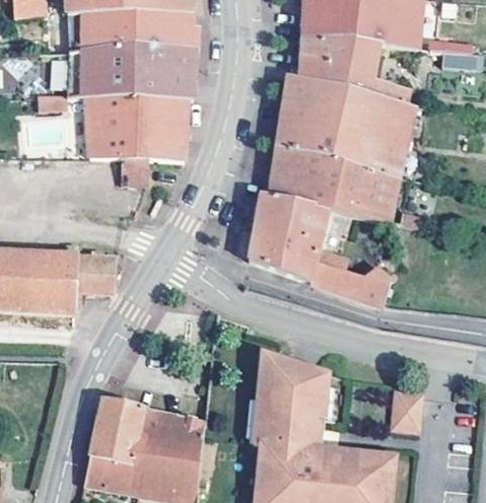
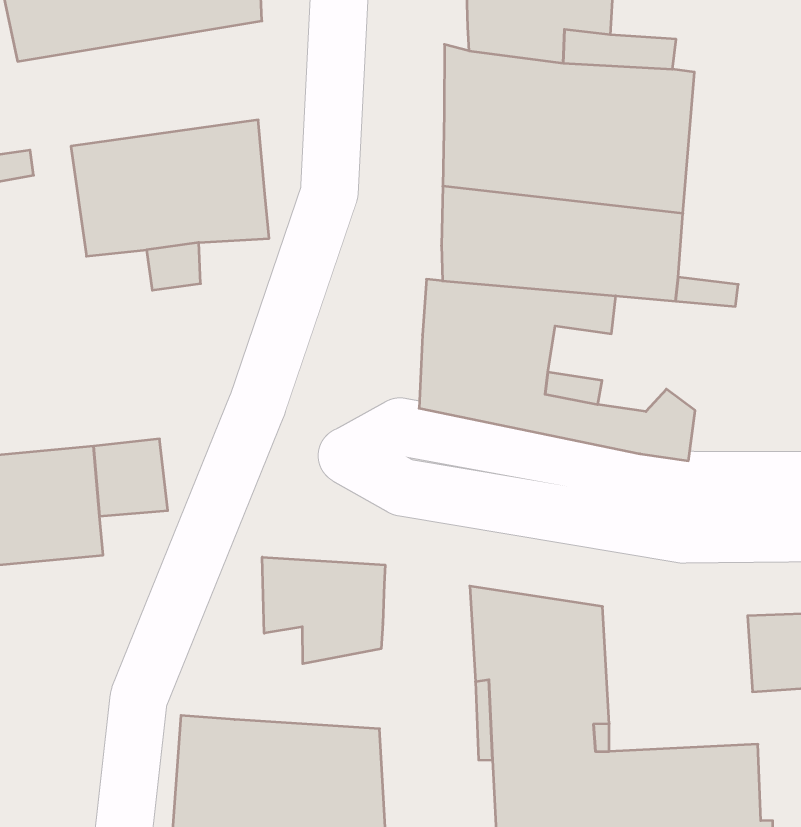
building: [66,47,195,97] -> none
building: none -> [262,557,385,664]

